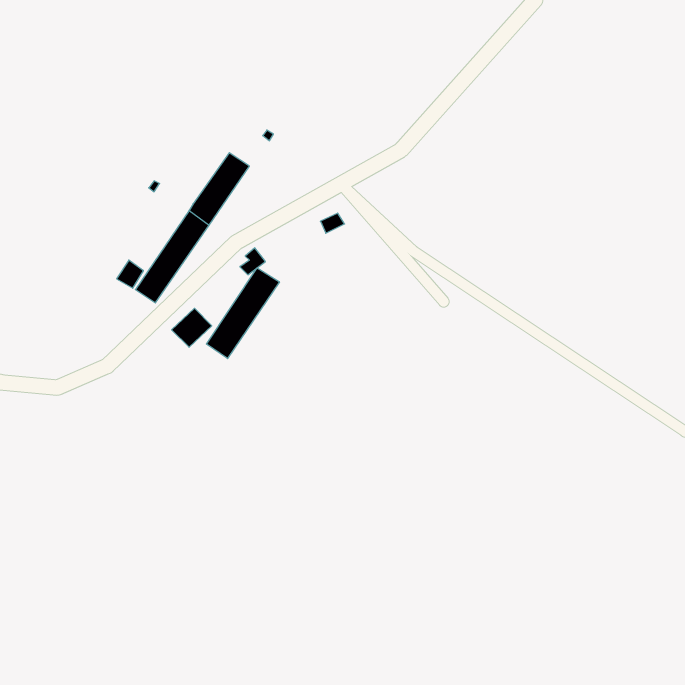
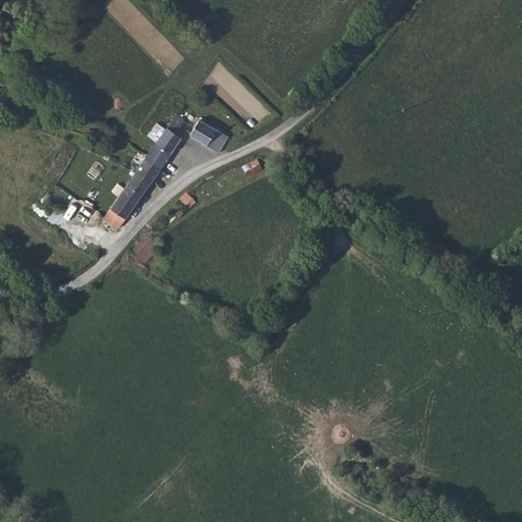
building: none -> [189,120,227,154]
building: [206,268,279,359] -> none

